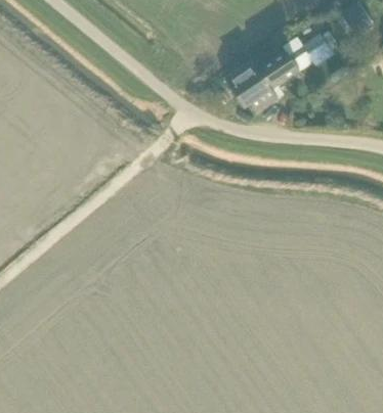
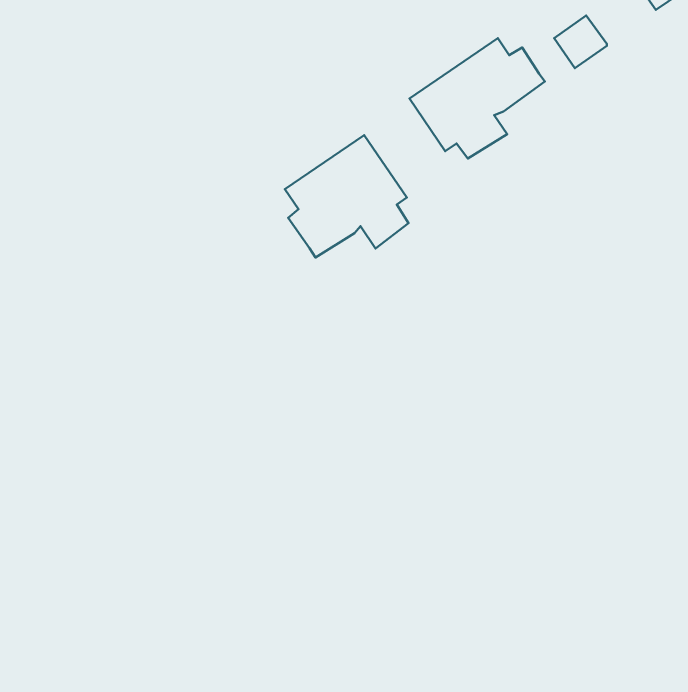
building: none -> [285,135,409,257]

